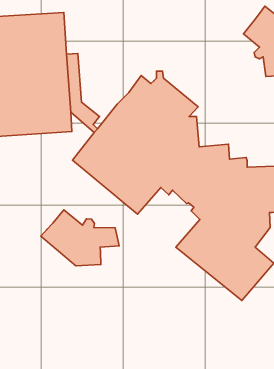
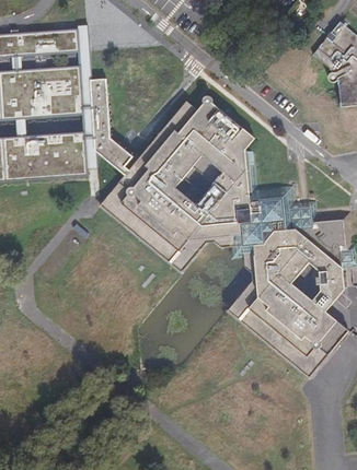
building: [41,210,119,266] -> none

